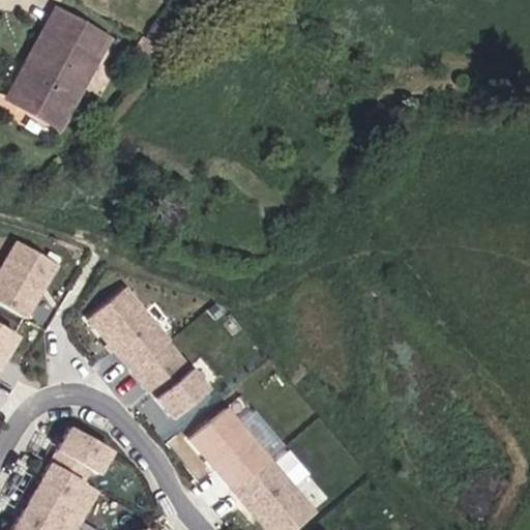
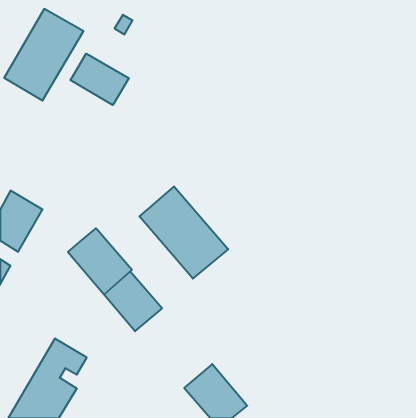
building: none -> [71,54,129,105]
building: none -> [139,186,228,279]
building: [192,409,271,491] -> none

